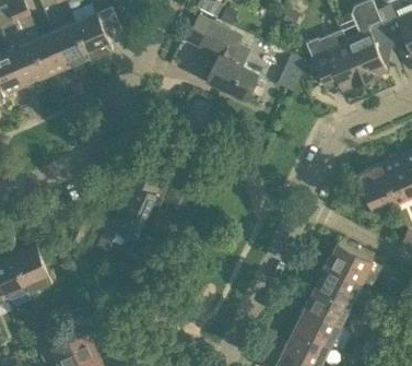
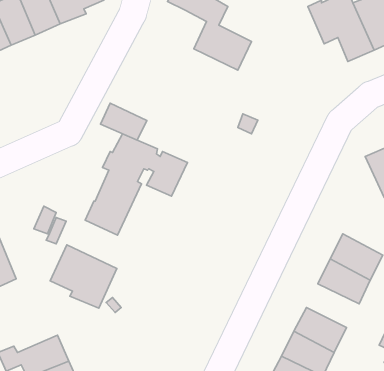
building: [276,52,307,90] -> none
building: none -> [100,103,147,140]
building: none -> [50,245,117,308]
building: [305,286,351,324] -> none

